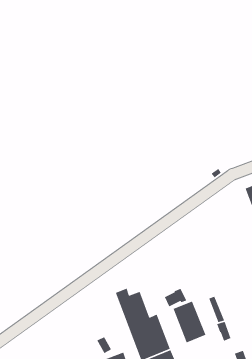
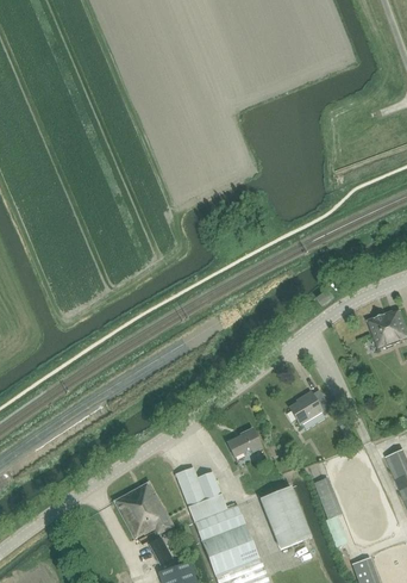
building: none -> [289,390,330,423]
building: [164,288,187,307] -> [227,428,262,457]
building: none -> [113,480,173,538]

